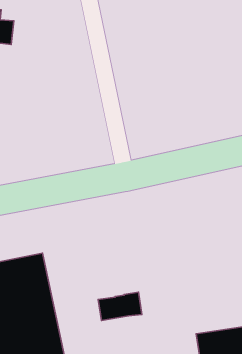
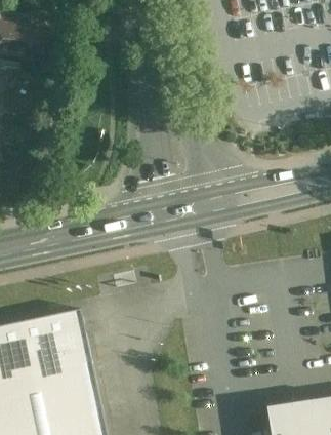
building: [98,292,142,320] -> none

